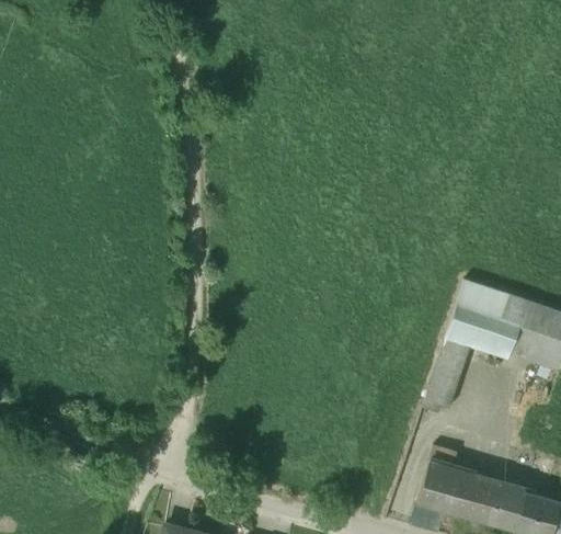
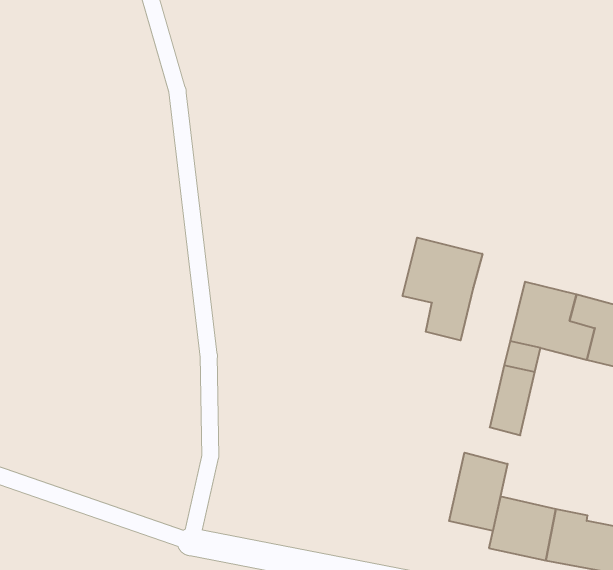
building: none -> [403,238,482,340]
building: none -> [449,453,508,531]

